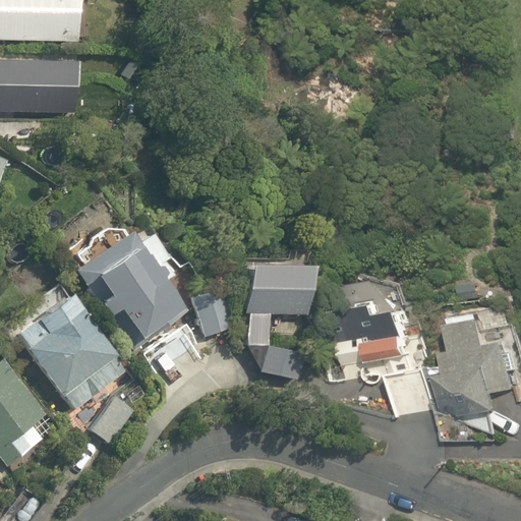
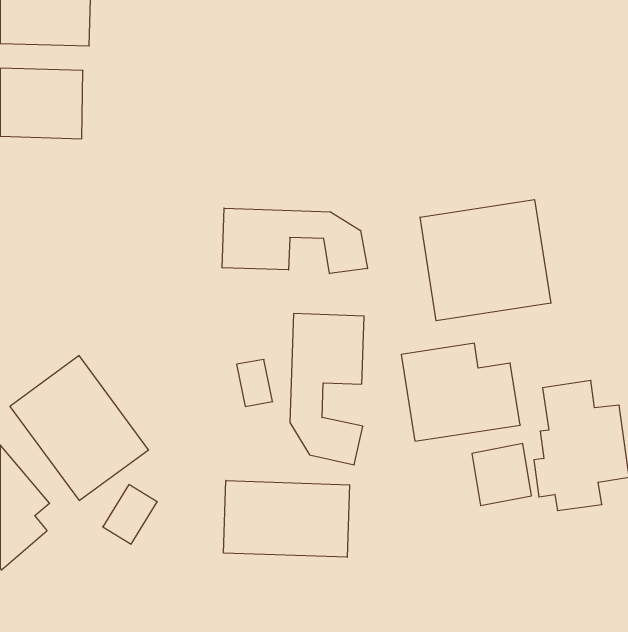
building: none -> [420,200,551,321]
building: none -> [222,208,368,274]
building: [77,229,186,343] -> none
building: none -> [224,480,349,557]

